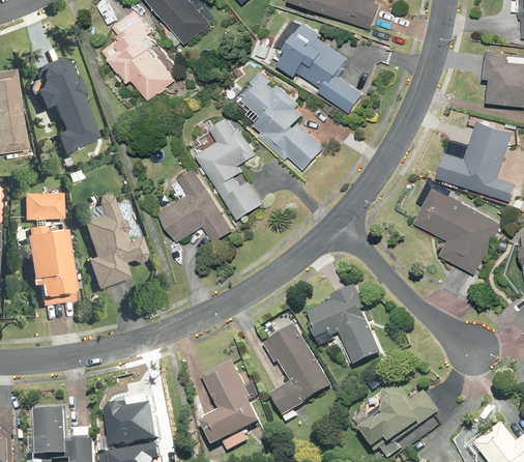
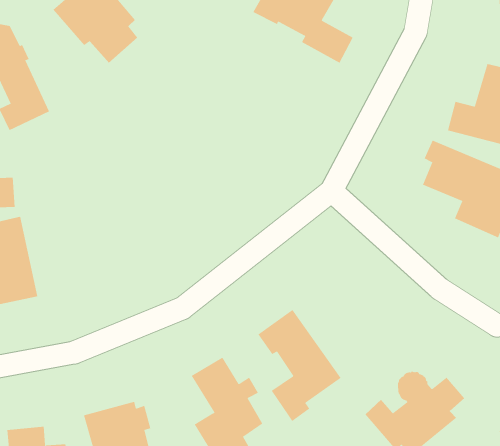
building: [243,71,323,169] -> none
building: [197,118,262,222] -> none
building: [159,165,232,242] -> none
building: [79,195,144,289] -> none
building: [307,285,382,366] -> none

